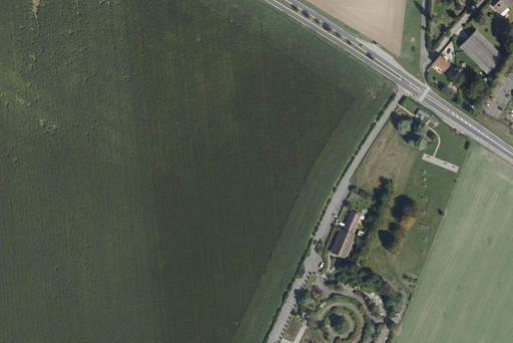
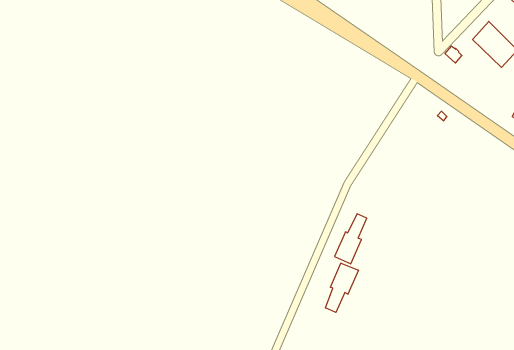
building: none -> [325,263,358,312]

